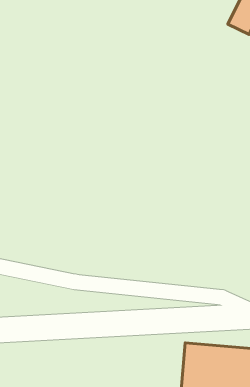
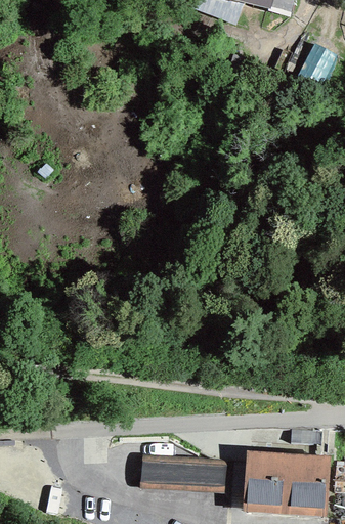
building: none -> [141,454,226,491]

